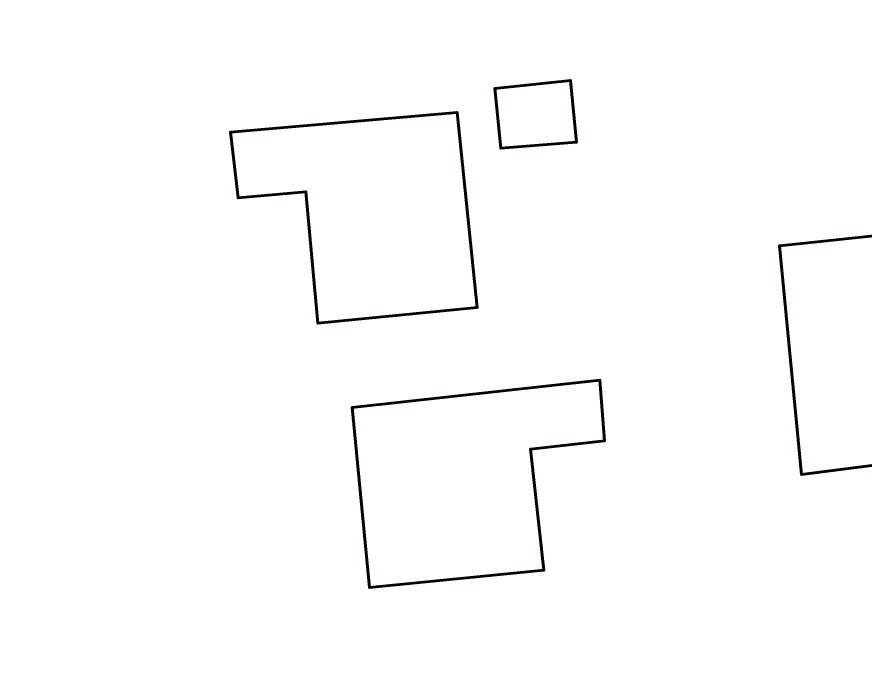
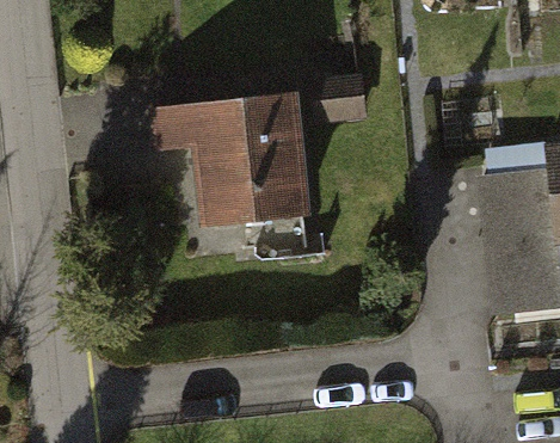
building: [352,380,605,587] -> none

